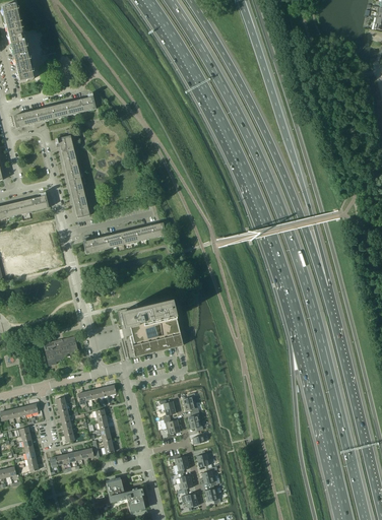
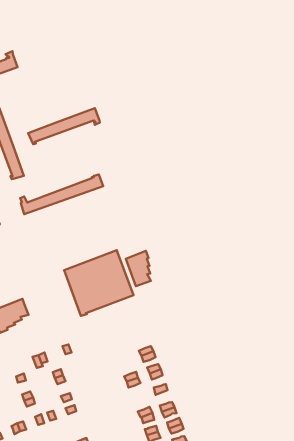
building: none -> [28,108,100,144]
building: none -> [126,251,151,286]

